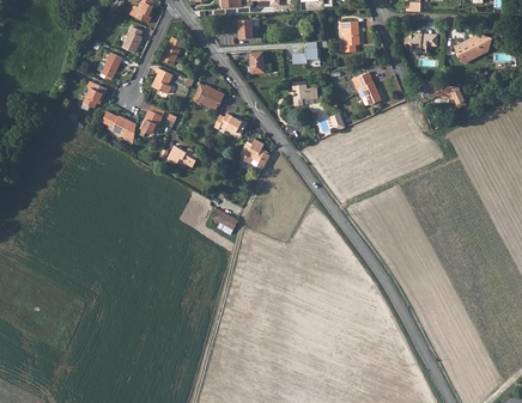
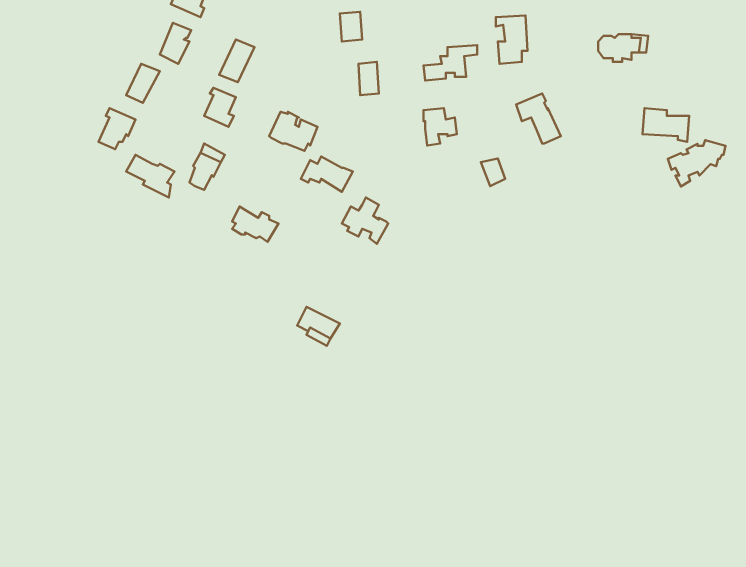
building: [454,33,491,63] -> [668,140,726,187]

